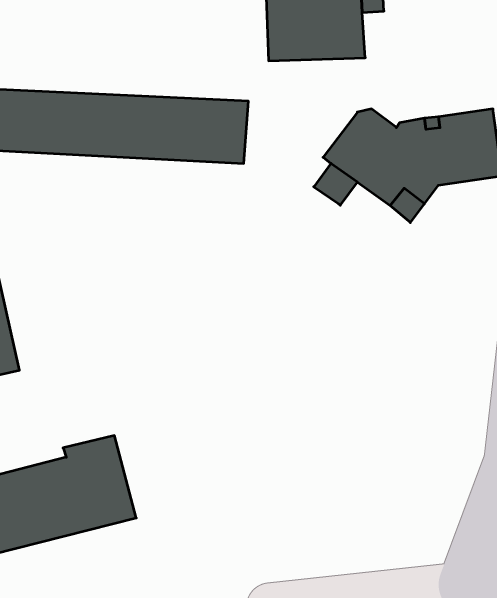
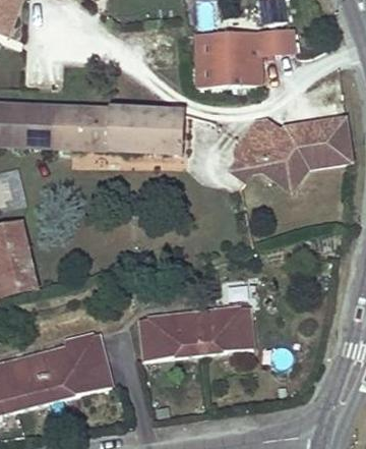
building: none -> [139,306,253,359]

